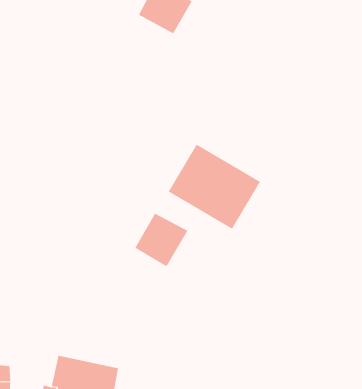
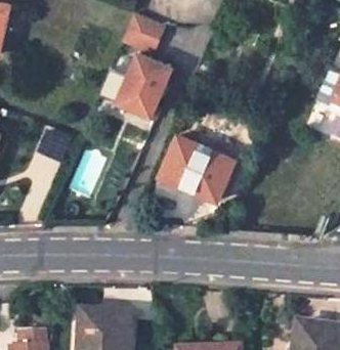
building: none -> [116,52,171,116]
building: [134,213,188,267] -> none

